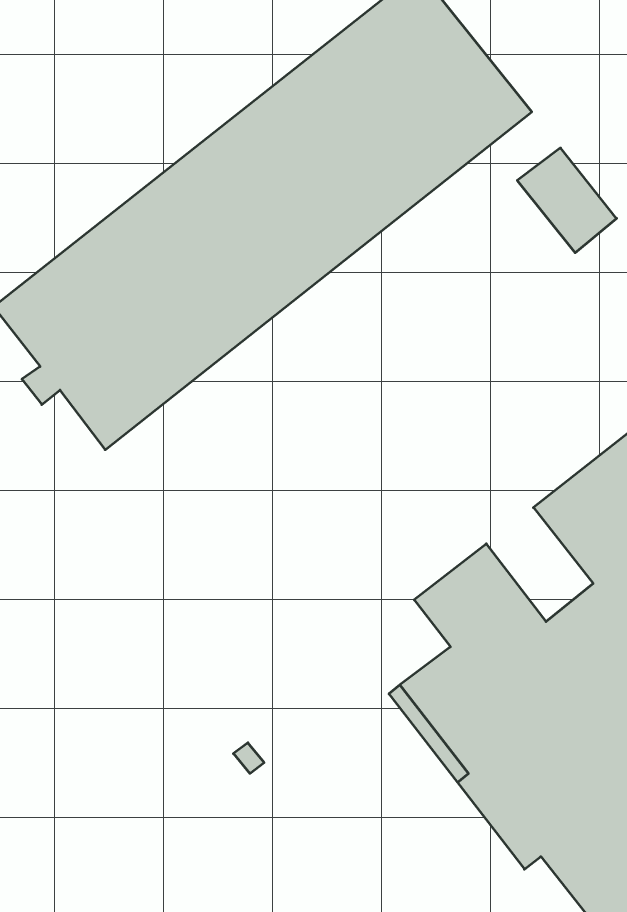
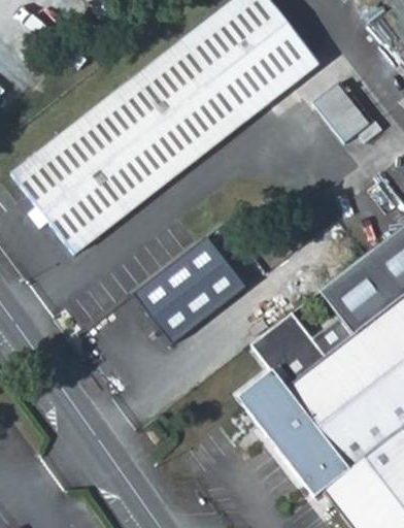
building: none -> [138,236,250,343]

